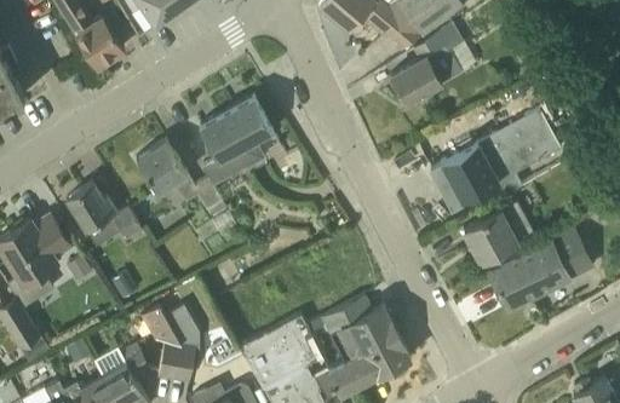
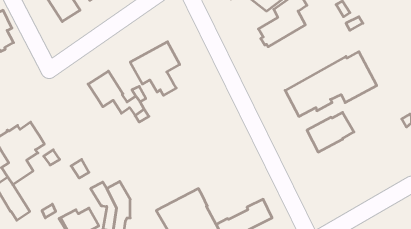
building: [65,183,139,237] -> none
building: [487,228,592,310] -> none
building: [322,303,397,361] -> none

